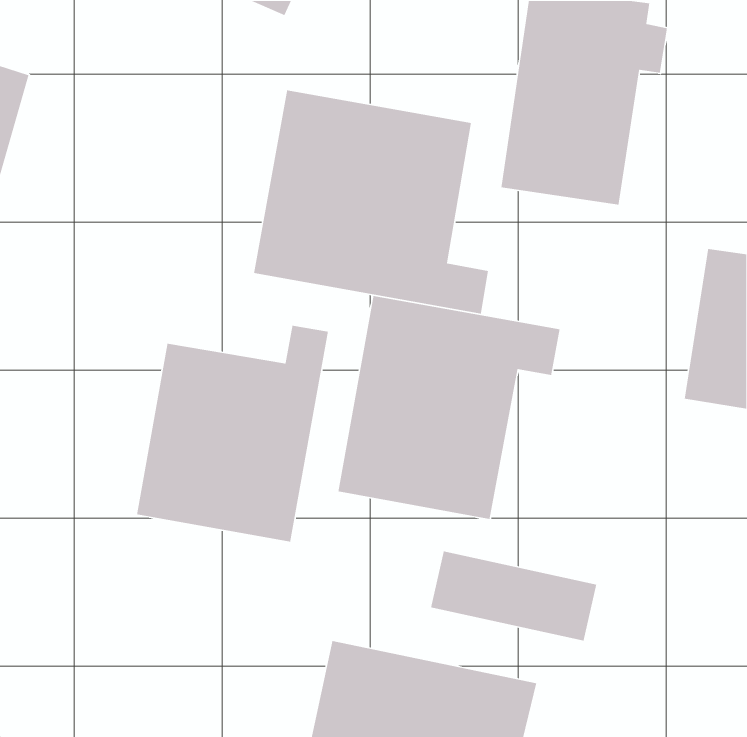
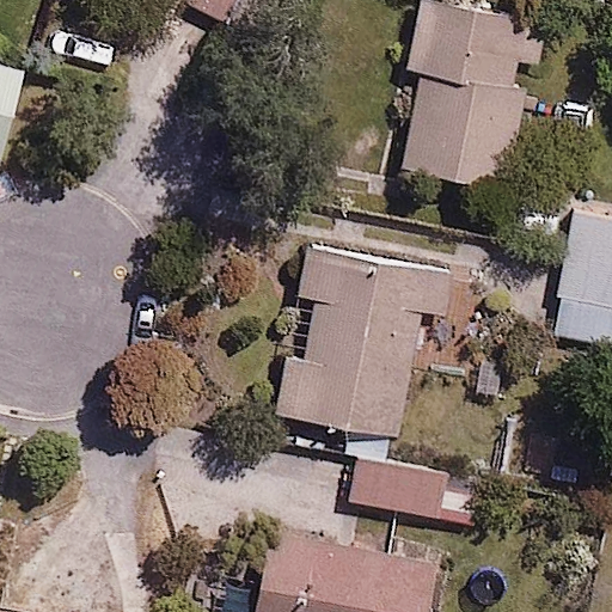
building: [253,90,489,314] -> none
building: [136,325,329,543] -> none

